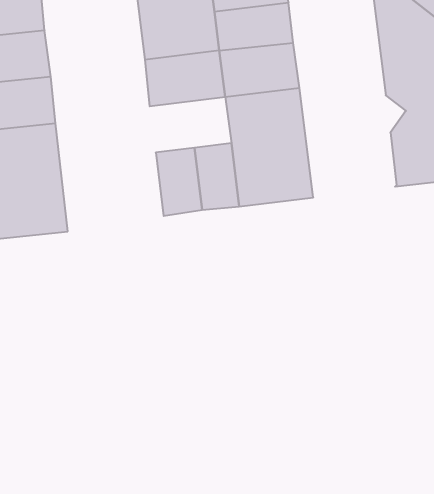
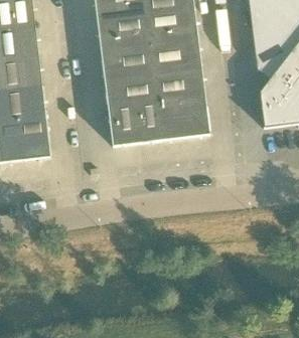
building: none -> [103,68,156,105]

